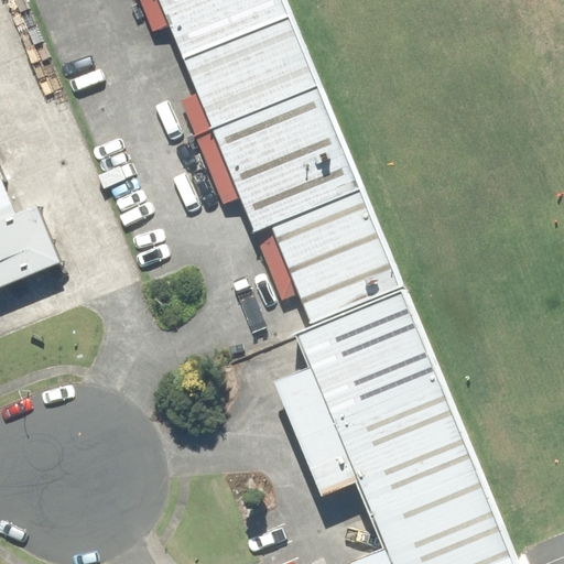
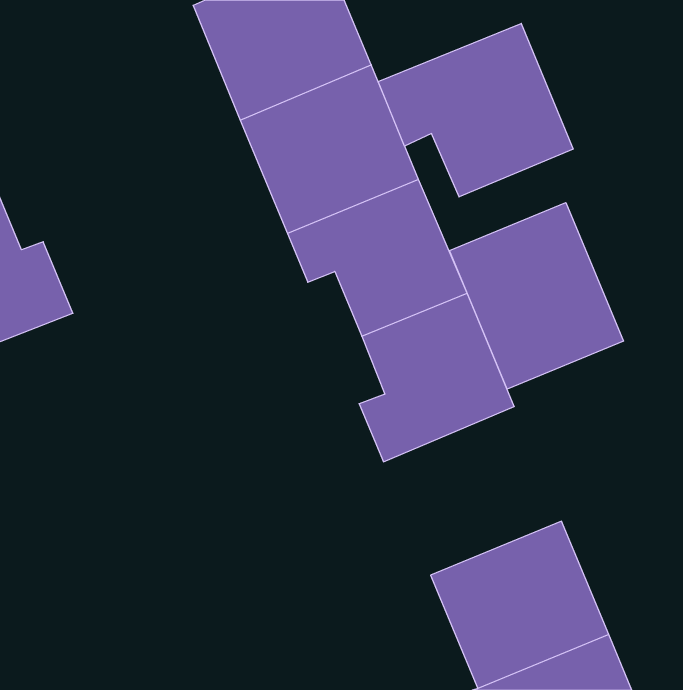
building: none -> [378,23,573,197]
building: none -> [449,203,624,389]
building: [285,332,458,480] -> none

